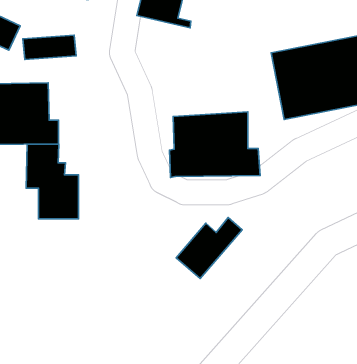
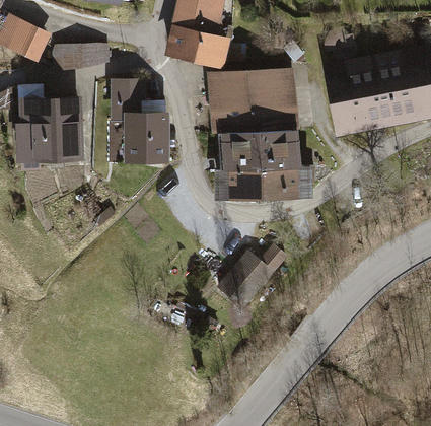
building: none -> [169,22,249,67]
building: none -> [207,68,296,132]
building: [26,144,79,219] -> [110,79,166,160]

